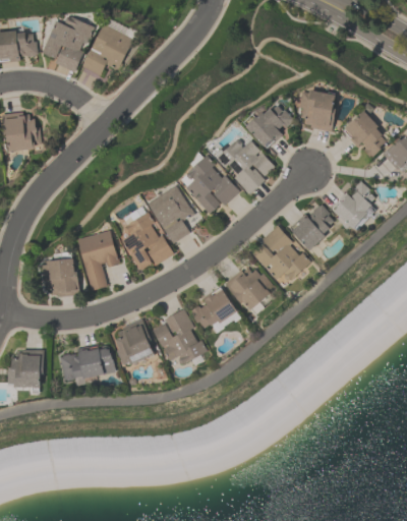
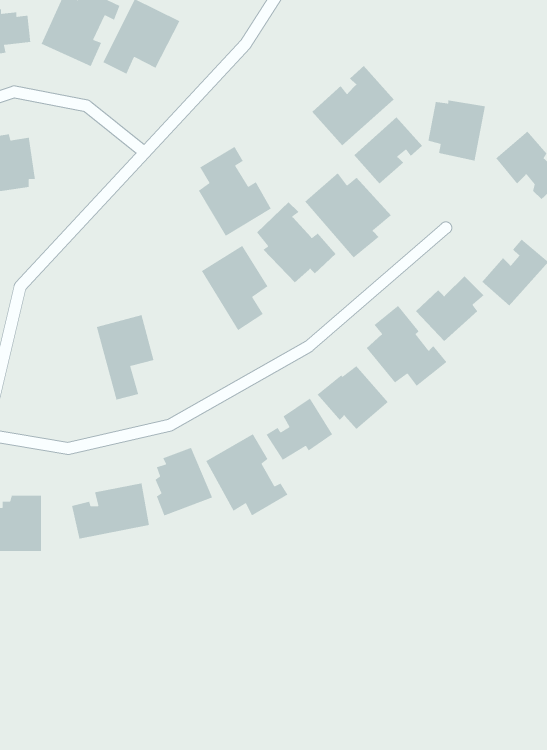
building: none -> [311,65,394,146]
building: [123,213,172,273] -> [198,146,272,237]
building: [42,258,78,296] -> none

